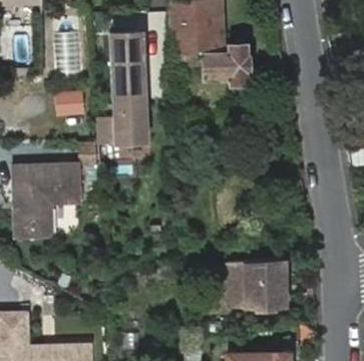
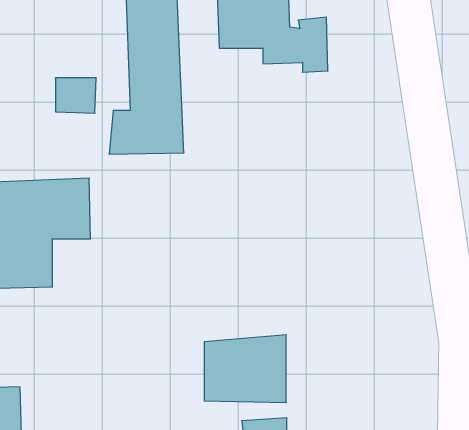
building: [231,259,289,307] -> [204,335,286,402]

